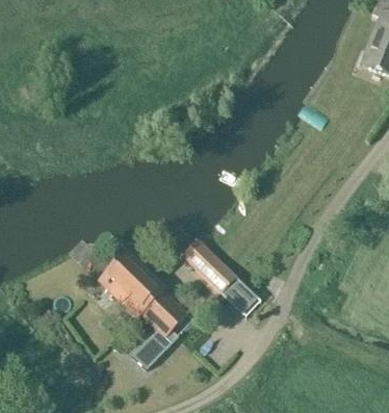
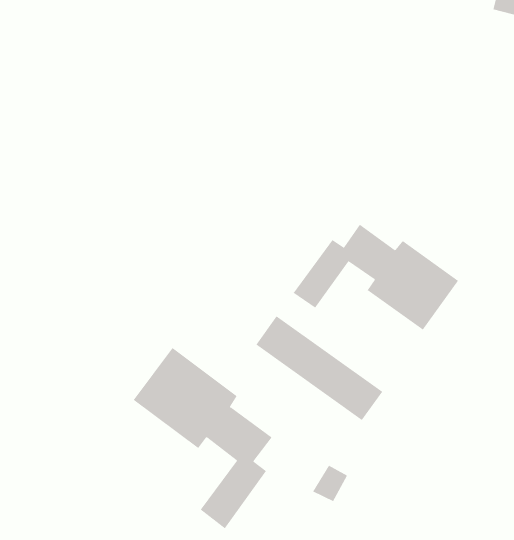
building: none -> [293,224,459,330]

